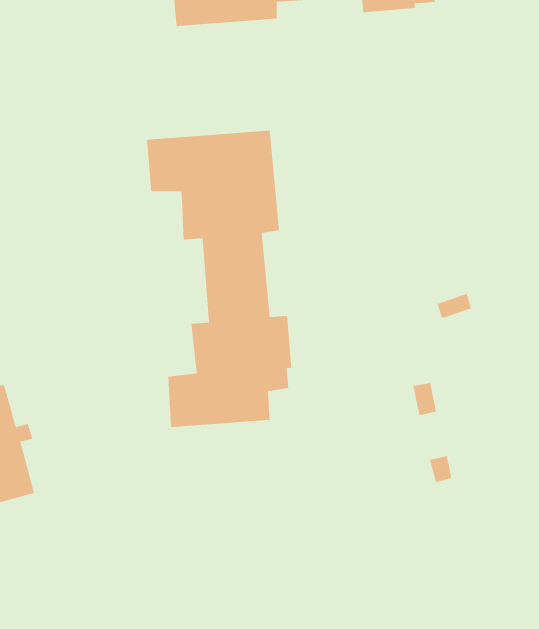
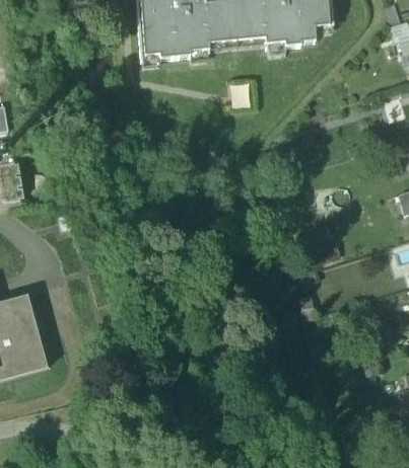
building: [146,130,292,428] -> none

